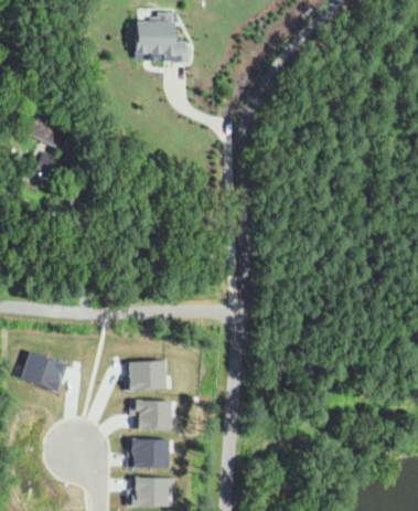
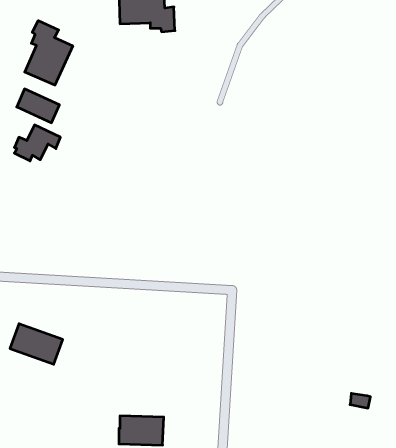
building: none -> [25,21,73,85]
building: [133,356,174,387] -> none
building: [130,401,179,430] -> none

